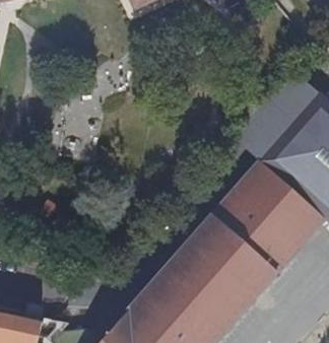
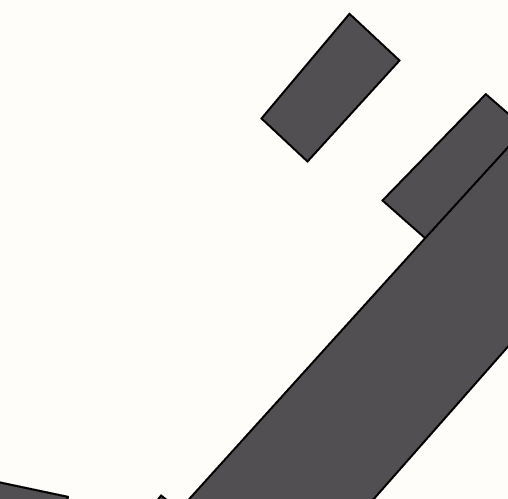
building: none -> [262,14,400,162]

